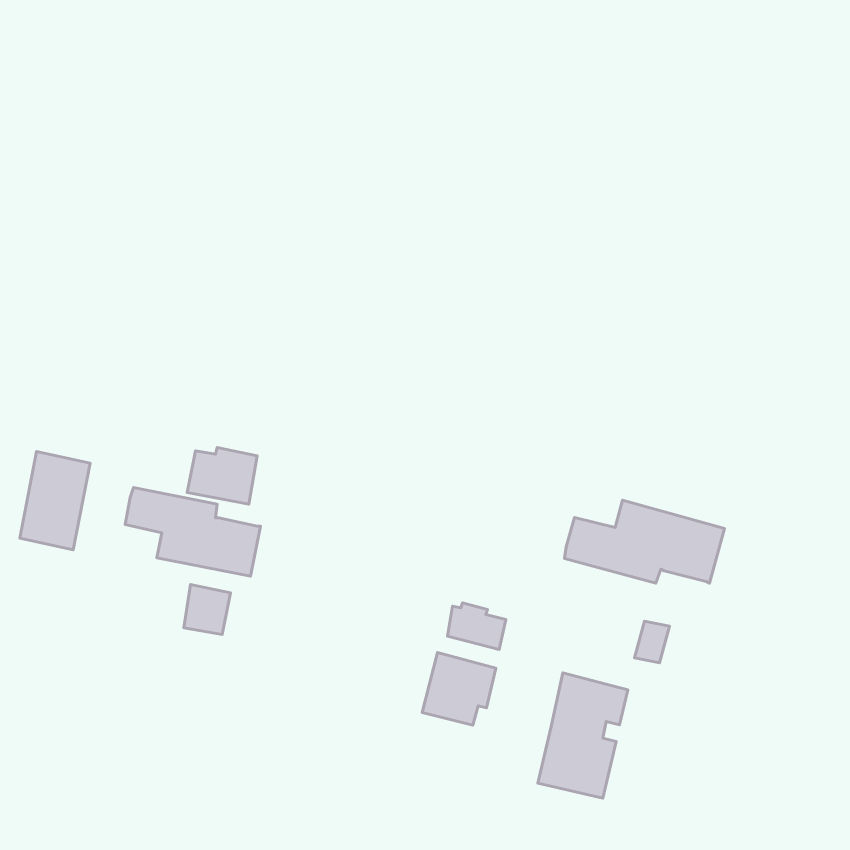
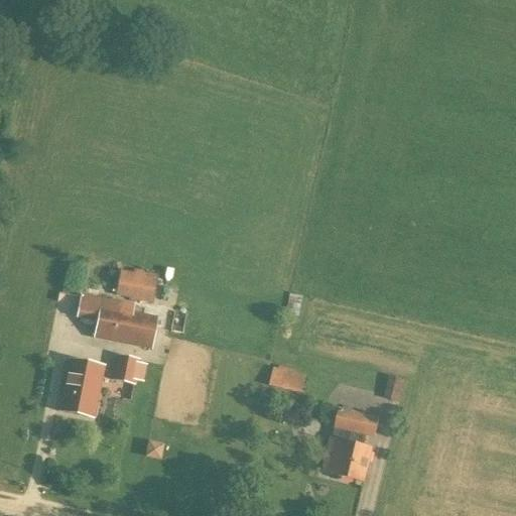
building: [20,451,90,550] -> [61,359,104,418]
building: [564,500,725,583] -> none
building: [422,652,496,725] -> none

